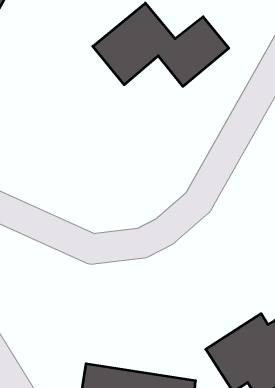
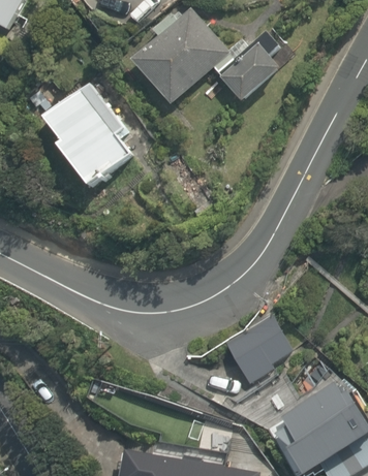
building: none -> [37,83,135,188]
building: none -> [224,313,298,384]

